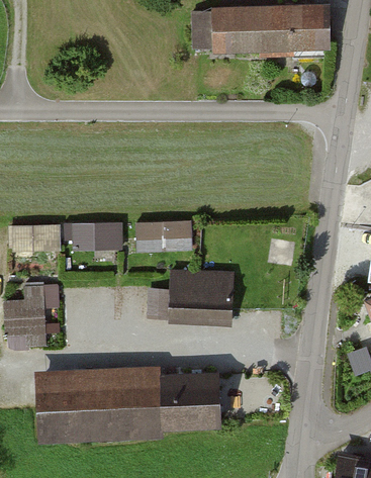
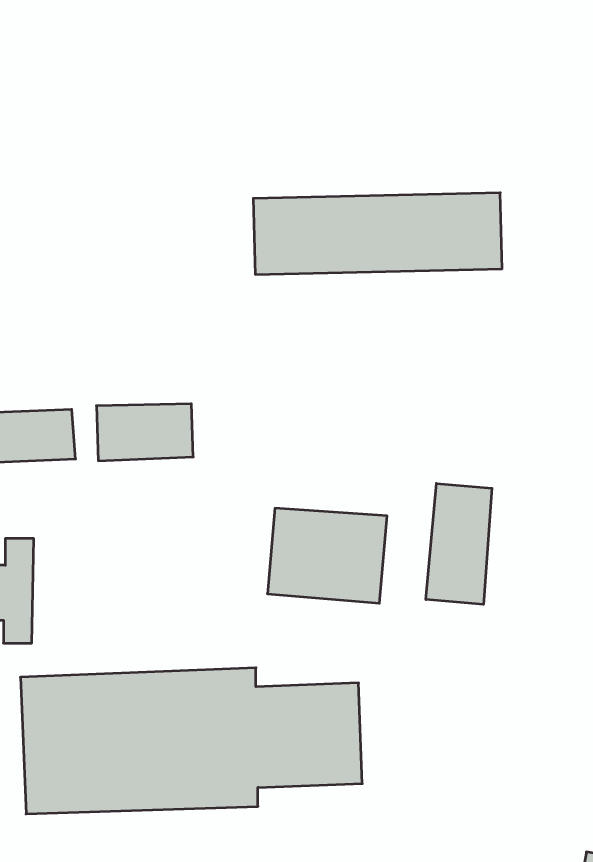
building: [194,10,327,54] -> [253,193,502,274]
building: [138,220,196,250] -> none
building: none -> [426,483,492,604]

